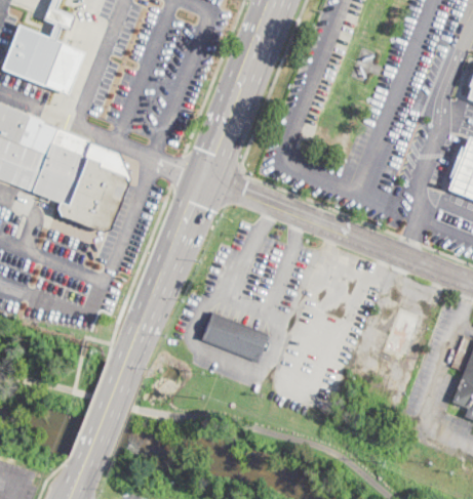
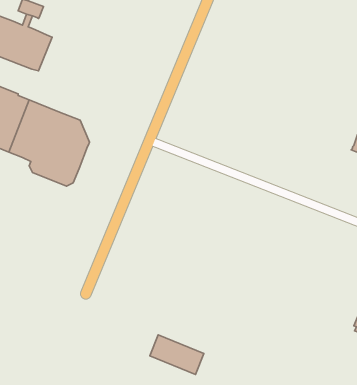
building: [202,314,268,362] -> [150,335,204,375]

